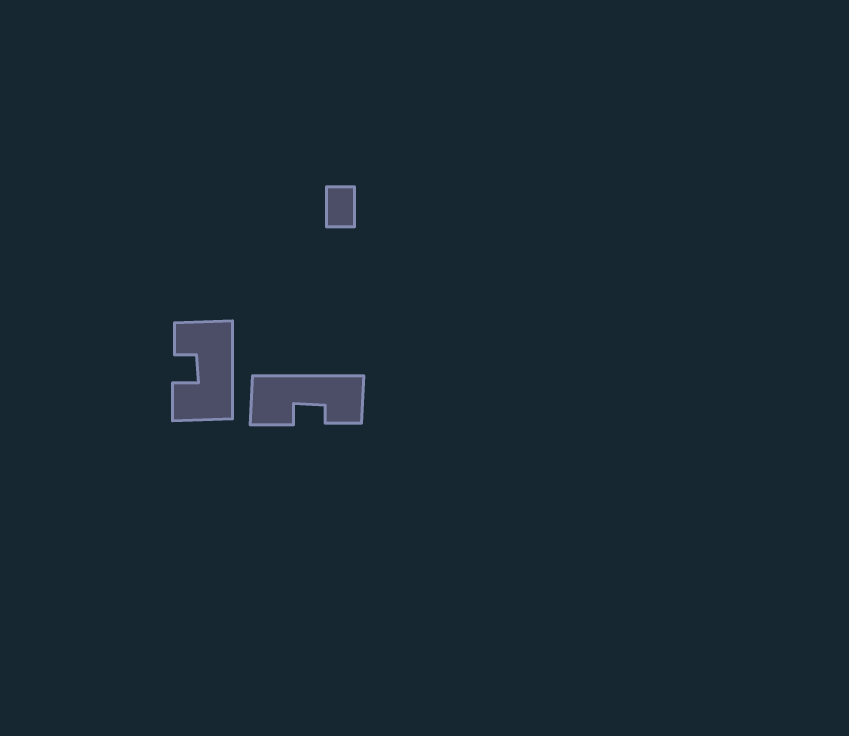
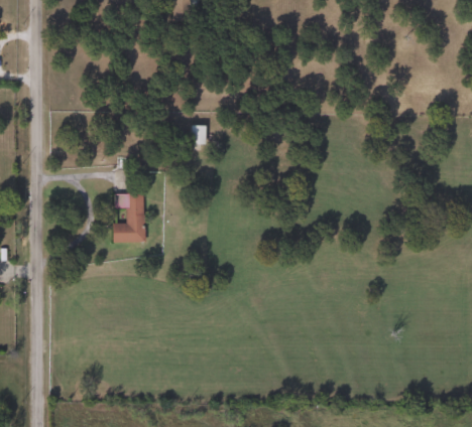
building: [250,376,364,425] -> none

